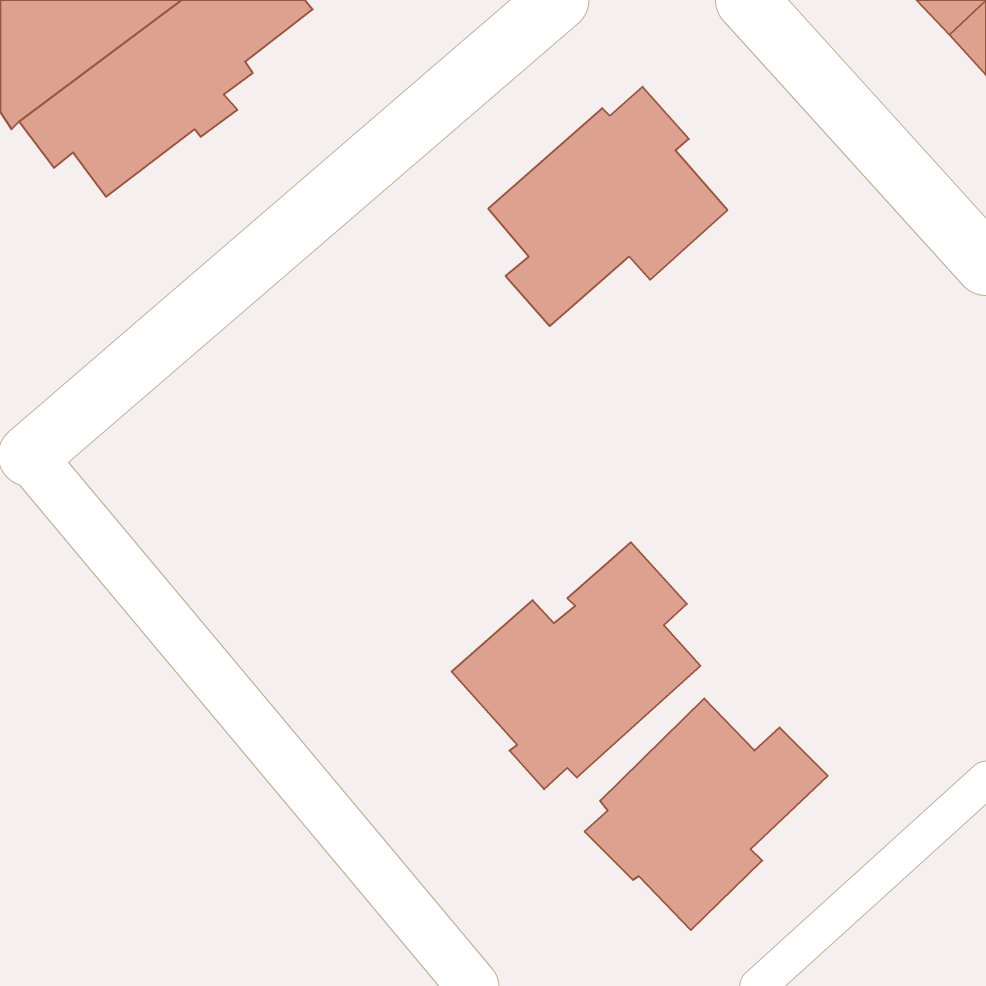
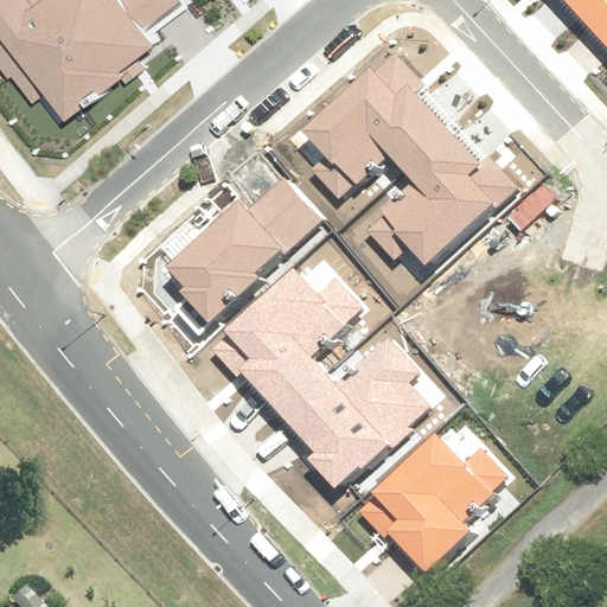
building: none -> [368,129,515,268]
building: none -> [166,177,324,322]
building: none -> [213,264,370,413]

